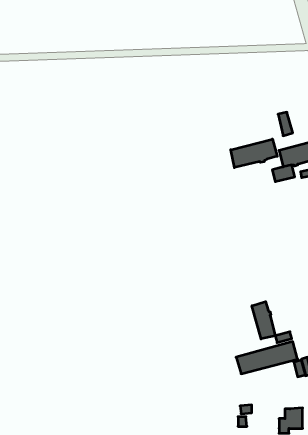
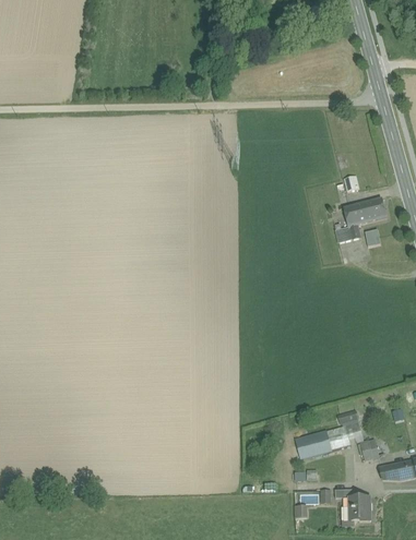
building: [231,139,277,168] -> none
building: [252,302,275,339] -> none

